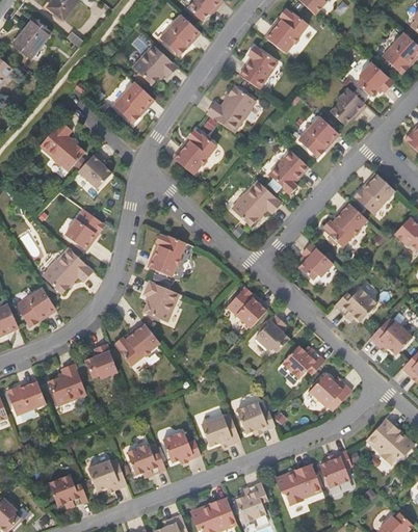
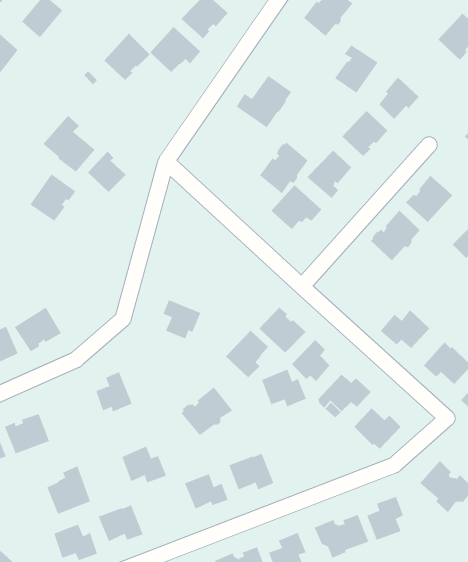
building: [238,46,277,88] -> [334,44,378,94]
building: [356,61,392,97] -> none
building: [112,81,153,123] -> [104,33,150,81]
building: [173,129,215,175] -> [259,141,308,194]
building: [63,208,104,249] -> [29,173,76,221]
building: [147,232,184,276] -> none
building: [297,243,332,280] -> none
building: [42,247,92,293] -> none
building: none -> [225,330,269,378]
building: [113,322,159,365] -> [180,387,233,436]
building: [47,363,85,405] -> [47,465,91,515]
building: [234,399,273,432] -> [261,369,307,407]
building: [126,444,165,476] -> [121,446,167,483]

